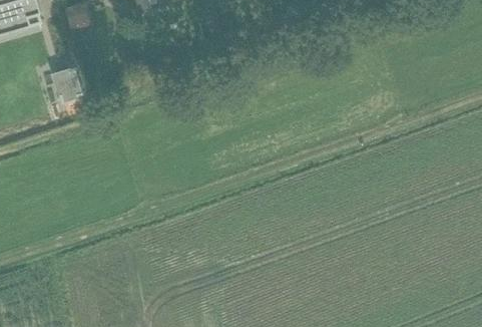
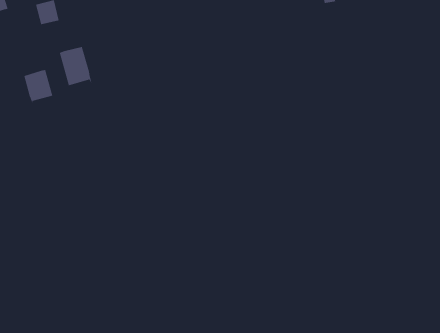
building: none -> [59,46,92,86]

